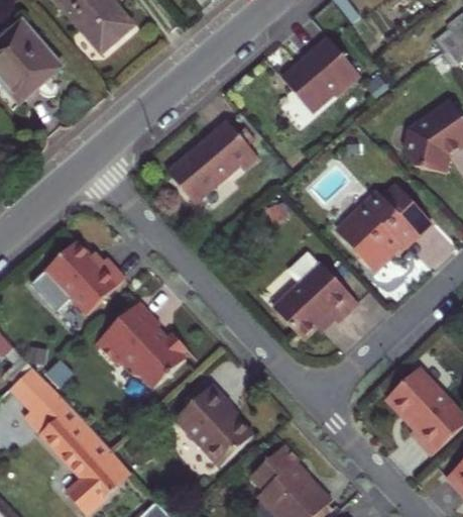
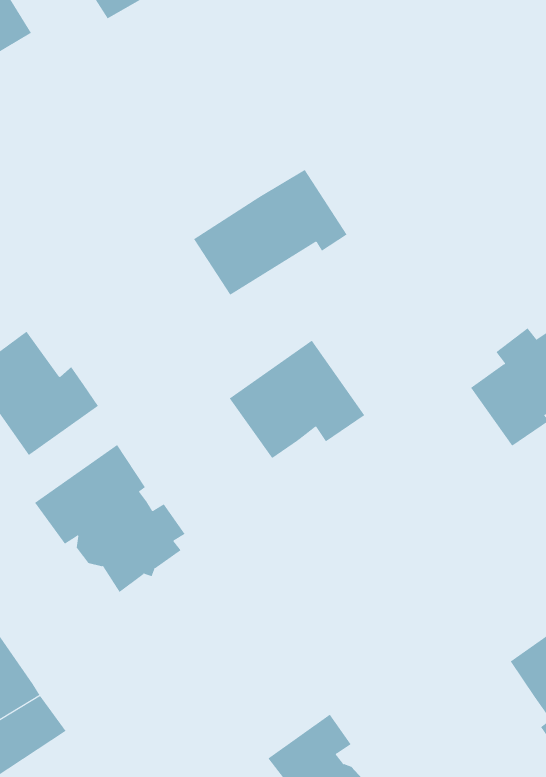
building: [280,33,359,108] -> none
building: [276,264,358,337] -> [229,340,365,459]
building: [178,386,253,467] -> none

